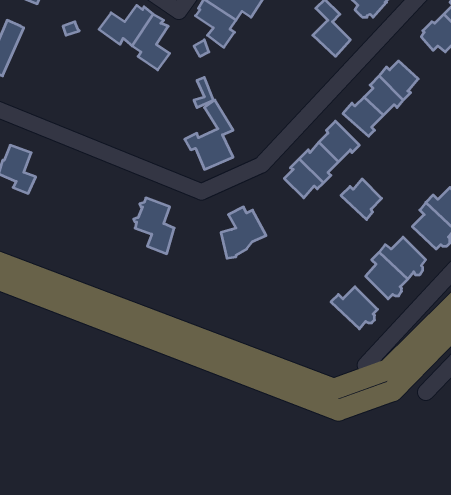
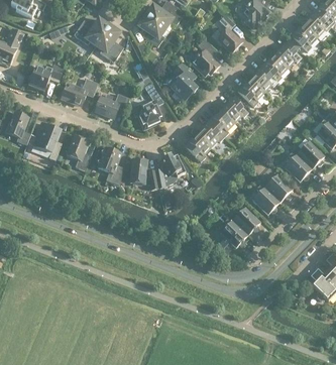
building: none -> [191,38,219,76]
building: none -> [273,39,301,68]
building: none -> [170,63,197,101]
building: none -> [28,64,63,91]
building: none -> [61,78,97,105]
building: none -> [94,93,129,118]
building: none -> [32,122,61,160]
building: [341,179,382,220] -> [183,134,210,161]
building: none -> [66,135,91,170]
building: none -> [129,157,158,190]
building: none -> [219,217,247,248]

